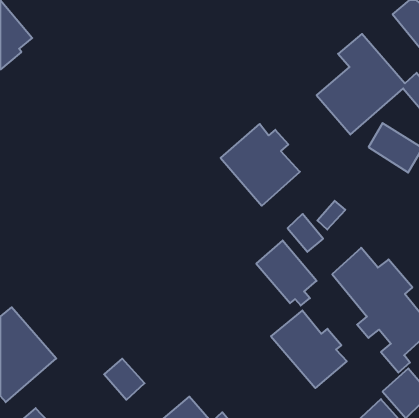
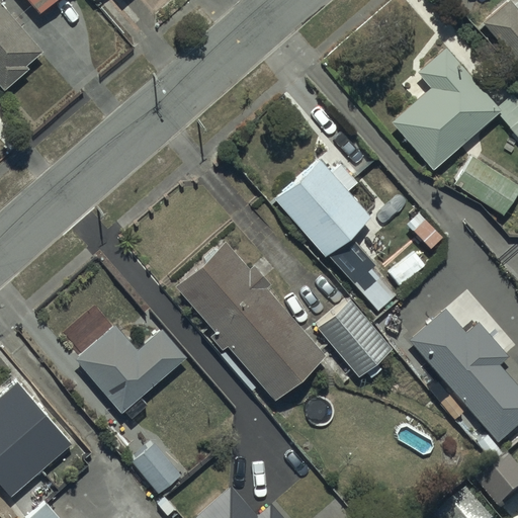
building: none -> [173,240,325,399]
building: none -> [76,324,187,413]
building: [271,310,347,388] -> none

